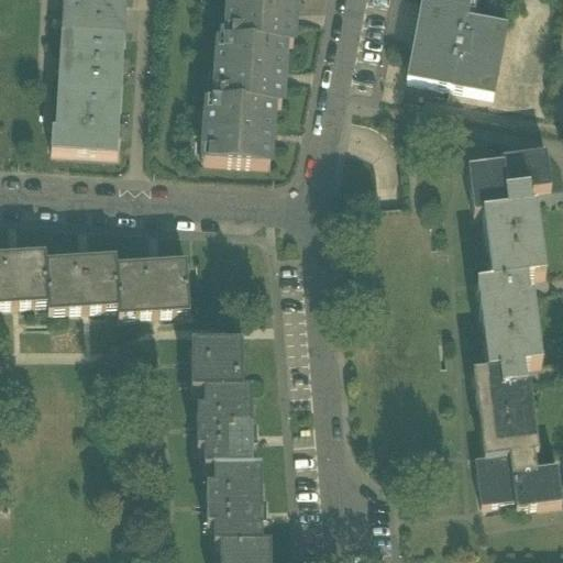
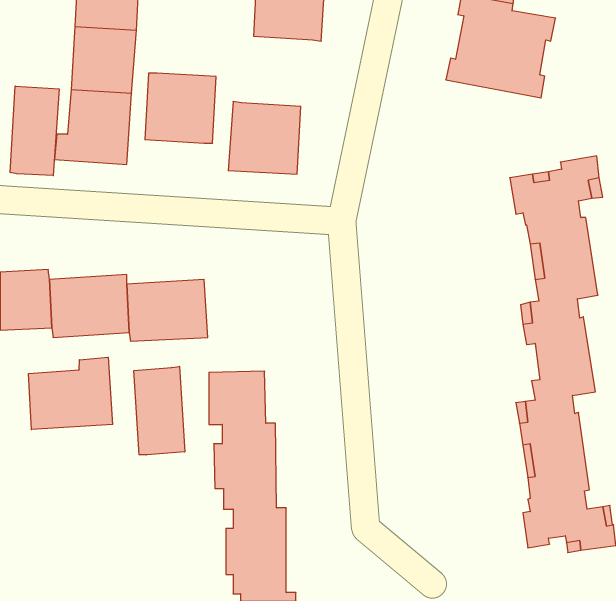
building: [221,33,286,97] -> [145,73,216,143]
building: none -> [10,86,59,176]
building: none -> [28,357,113,430]
building: none -> [134,366,185,455]

